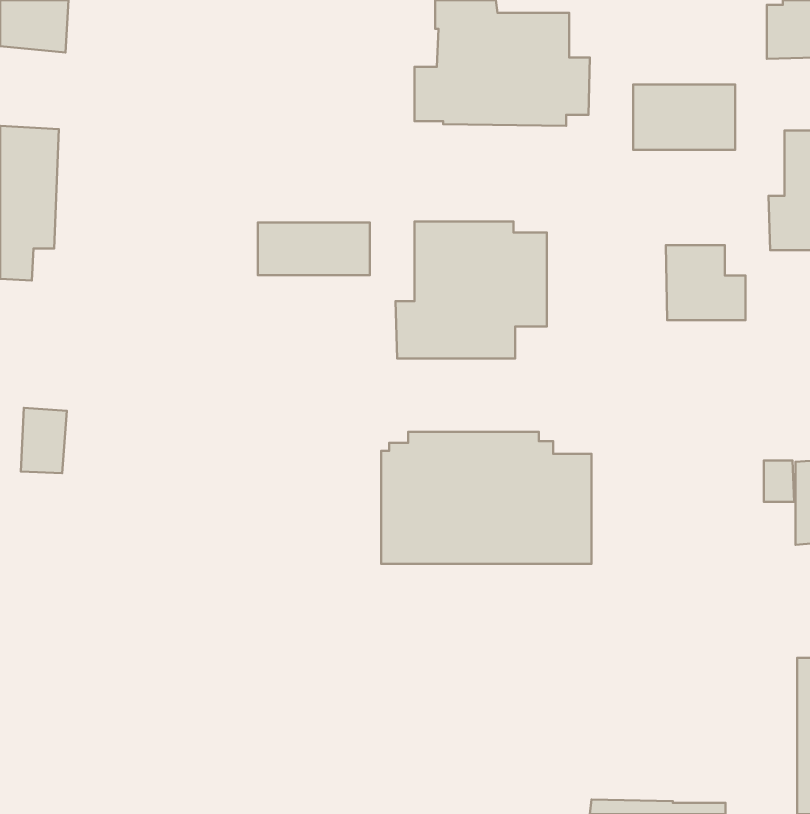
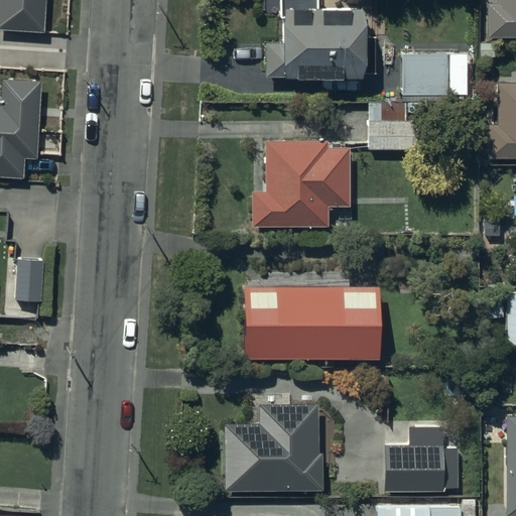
building: [258,222,370,275] -> none
building: [666,245,745,320] -> [369,102,419,149]
building: none -> [225,404,321,490]
building: none -> [385,427,460,492]

